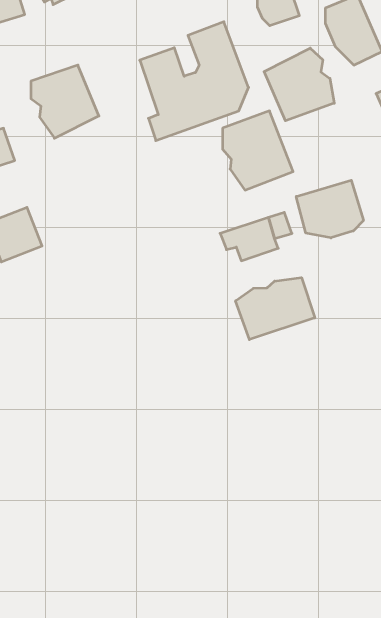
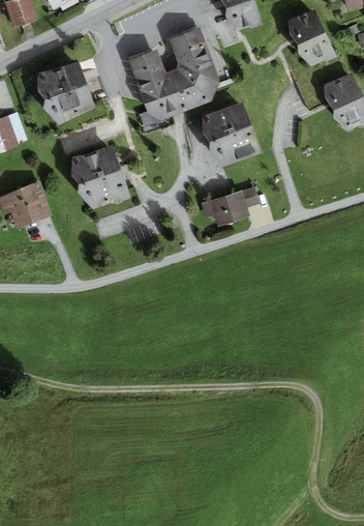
building: [264,48,334,121] -> none
building: none -> [72,147,130,207]
building: [296,180,363,238] -> none
building: [236,278,315,340] -> none

